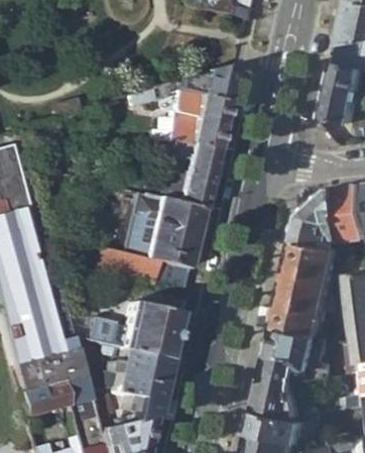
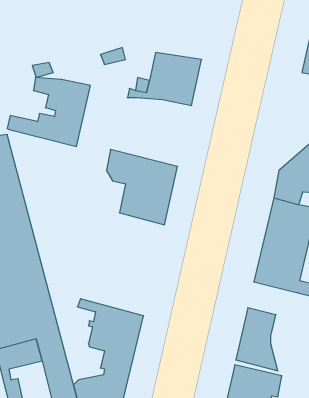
building: [204,63,239,100] -> none
building: [136,138,220,208] -> [7,77,90,147]
building: [98,243,193,291] -> none
building: [104,299,181,358] -> none
building: [276,324,327,378] -> none

